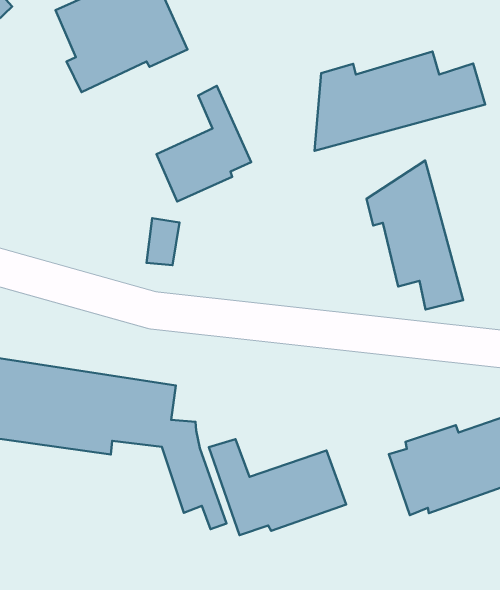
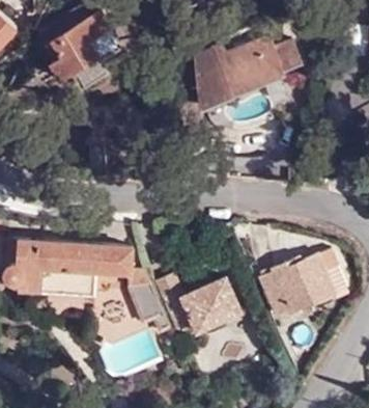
building: [157,86,251,201] -> none
building: [367,160,463,310] -> none

